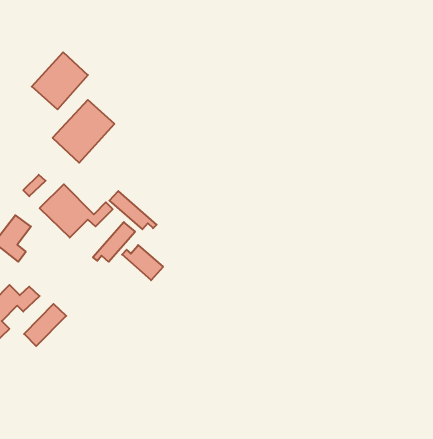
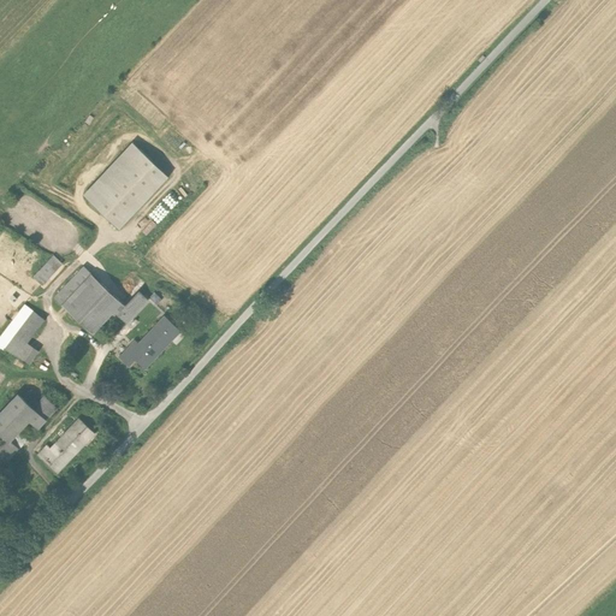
building: [32,52,88,109] -> none
building: [109,191,157,229] -> none
building: [122,245,163,280] -> none

